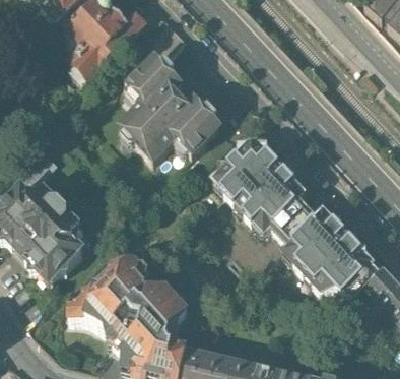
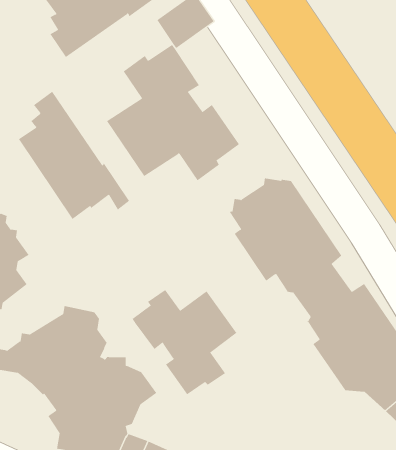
building: none -> [18,91,130,220]
building: none -> [132,289,237,395]

